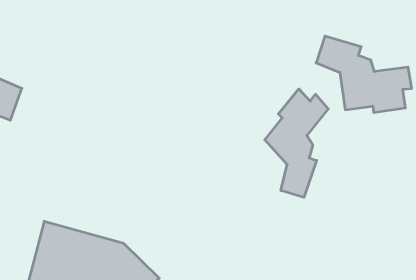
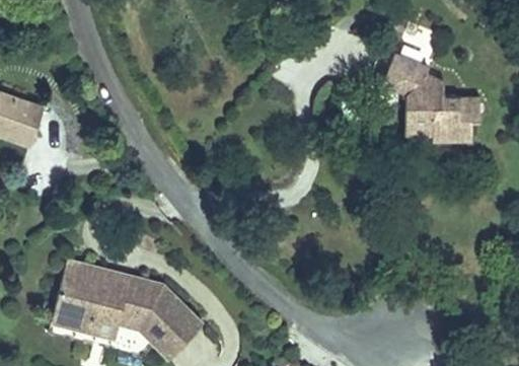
building: [265,89,328,197] -> none

